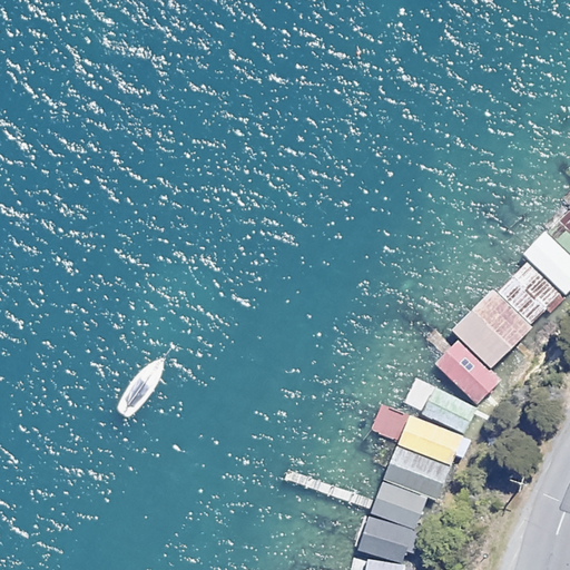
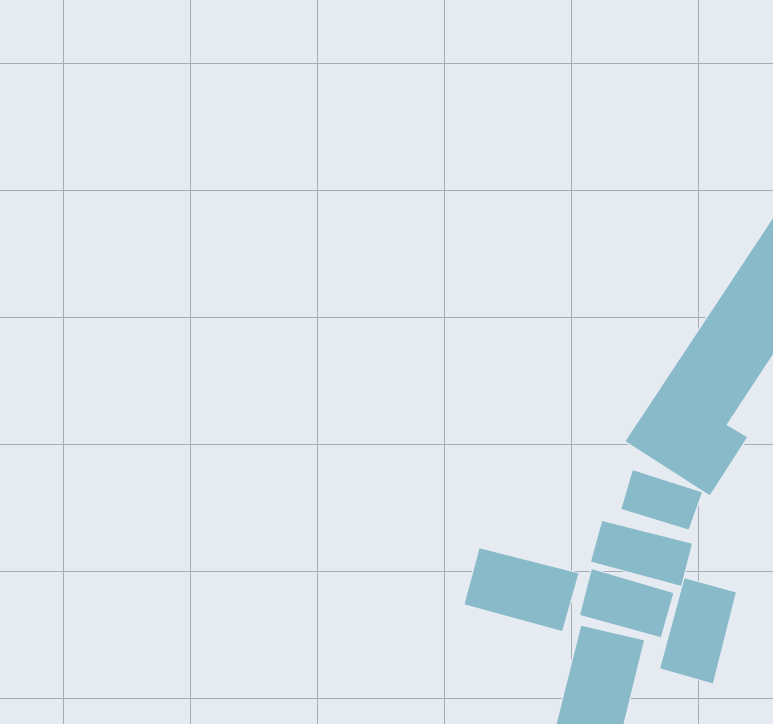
building: none -> [464,548,579,632]
building: none -> [659,578,737,684]

